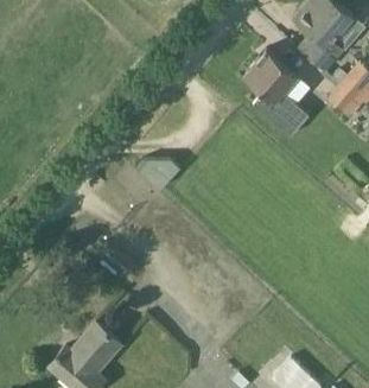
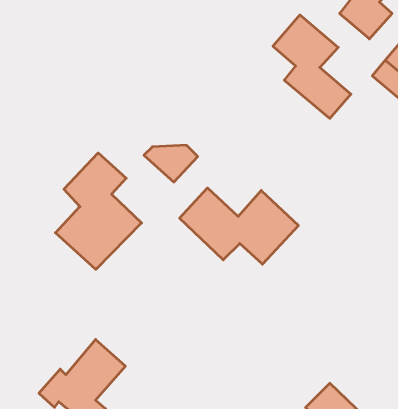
building: none -> [55,153,142,269]
building: none -> [180,188,298,264]

